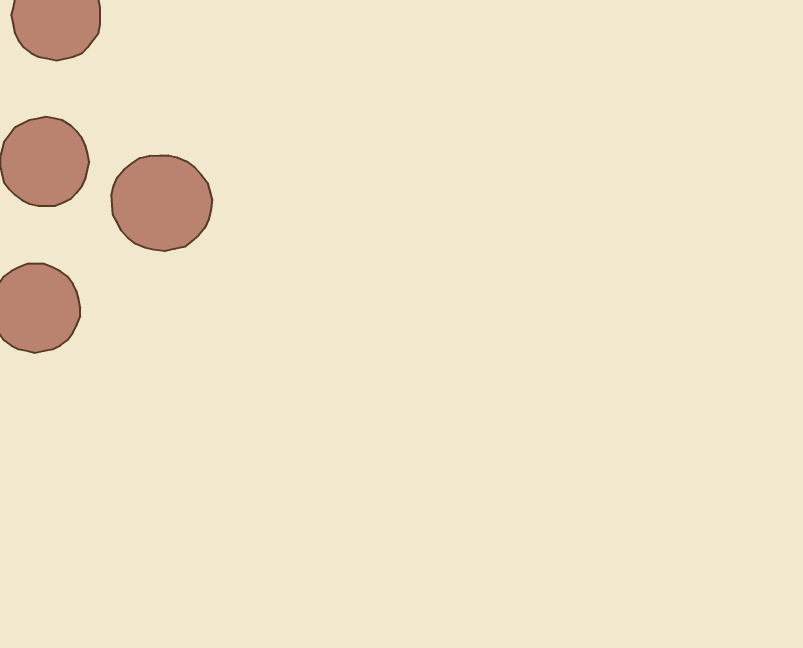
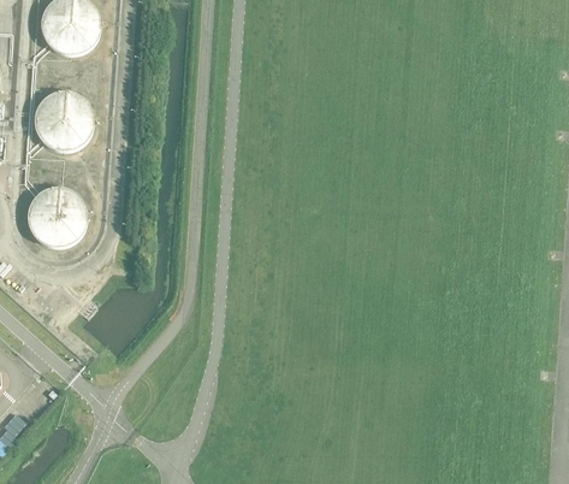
building: [112,155,212,251] -> none

